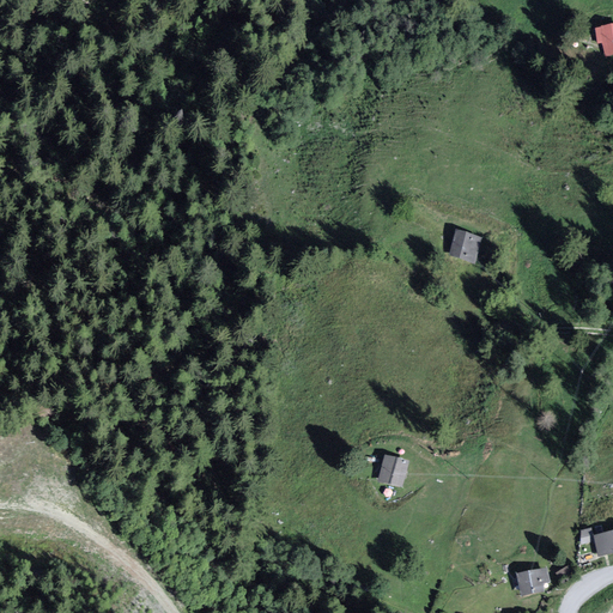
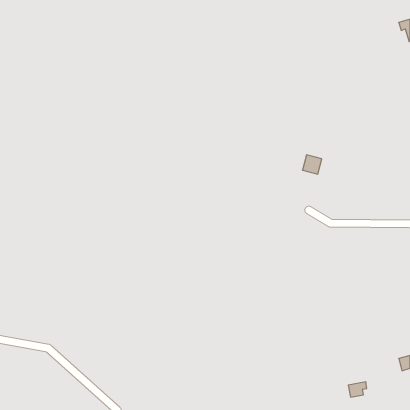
building: [381,456,407,485] -> none

